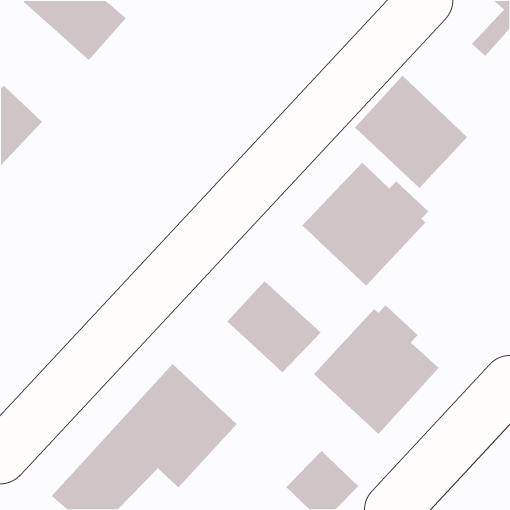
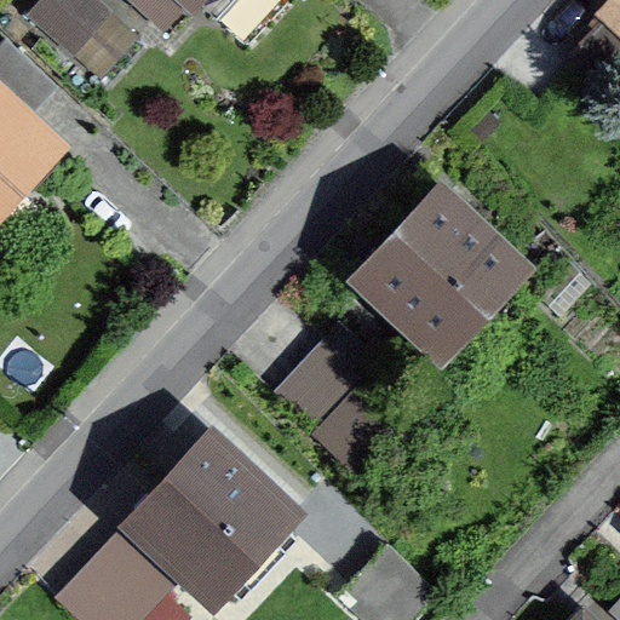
building: [354,75,468,189] -> none
building: [313,304,440,435] -> none

